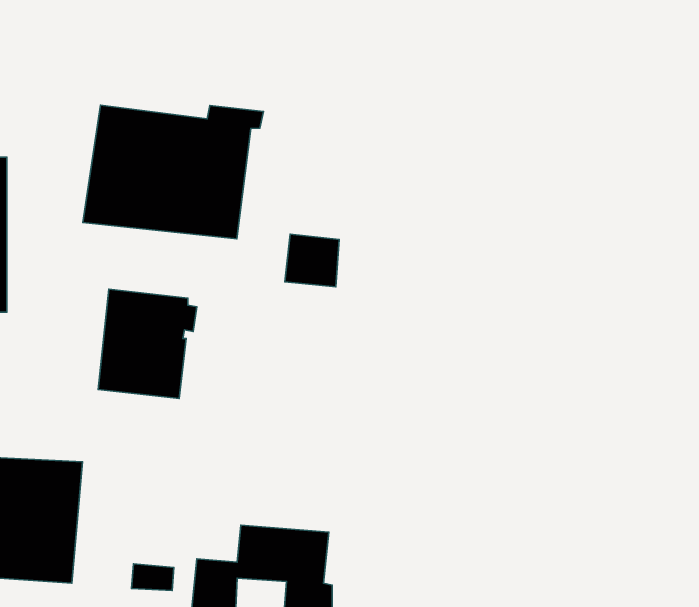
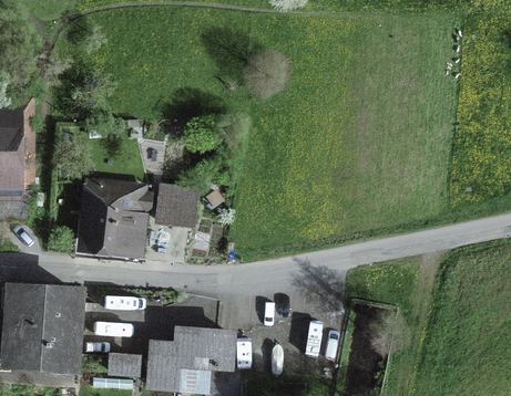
building: [83,105,264,239] -> none
building: [285,234,339,287] -> [159,190,193,223]

